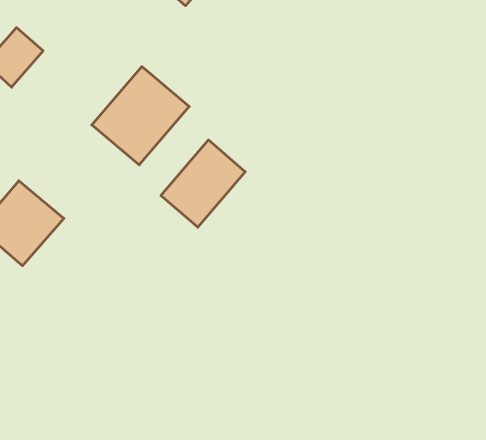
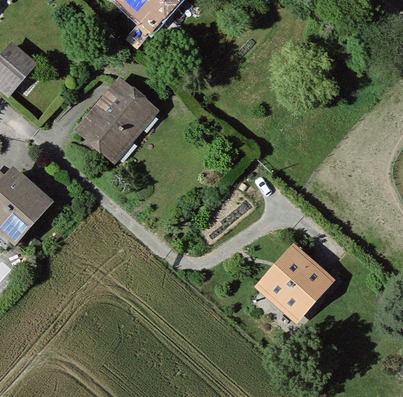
building: [161,140,245,227] -> none
building: none -> [258,244,333,319]

